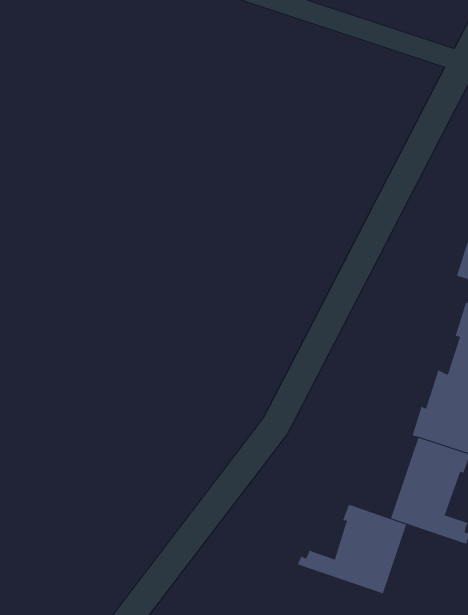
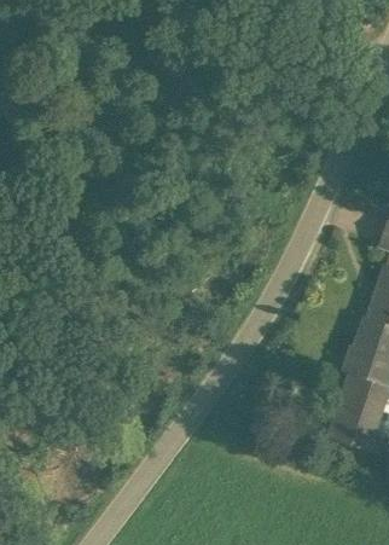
building: [297,505,407,594] -> none

